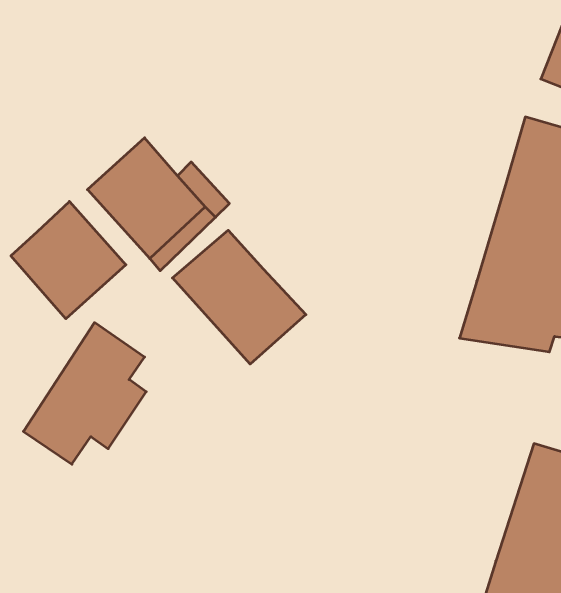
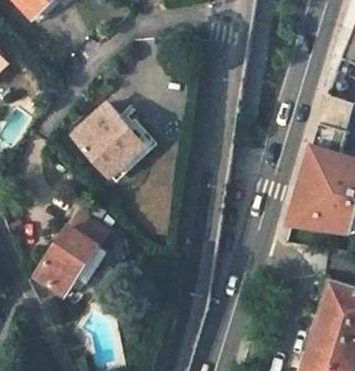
building: [11,201,126,319] -> none
building: [172,230,306,364] -> none

